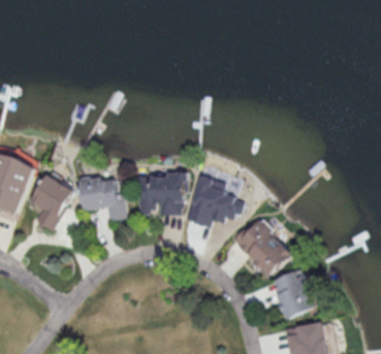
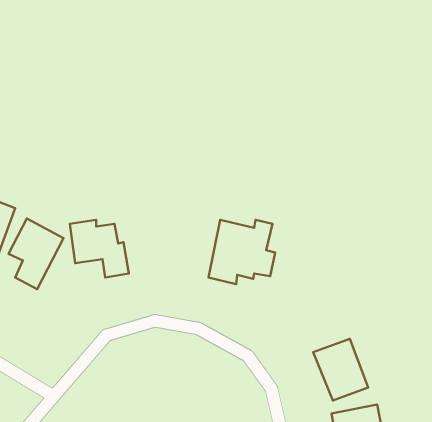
building: [136,171,185,216] -> none
building: [231,217,292,277] -> none

